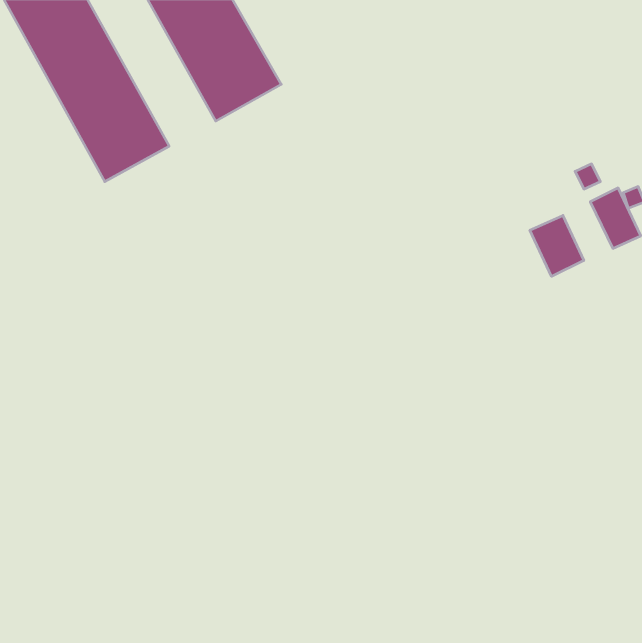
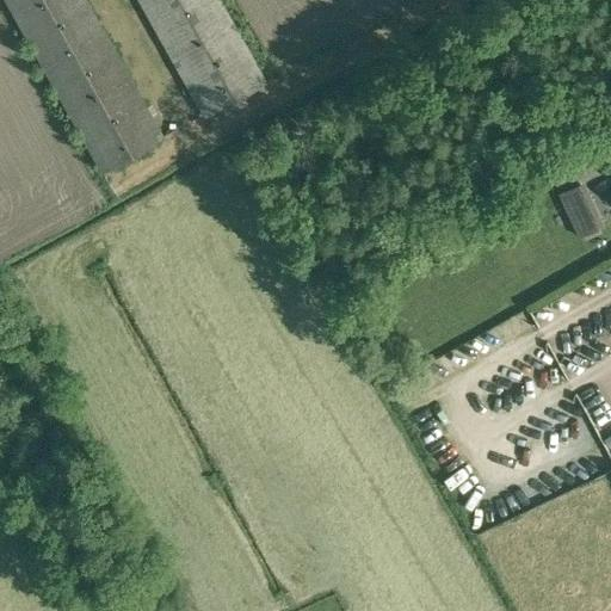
building: [530,215,584,276] -> none

